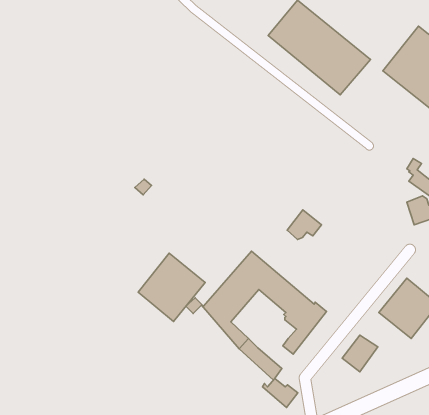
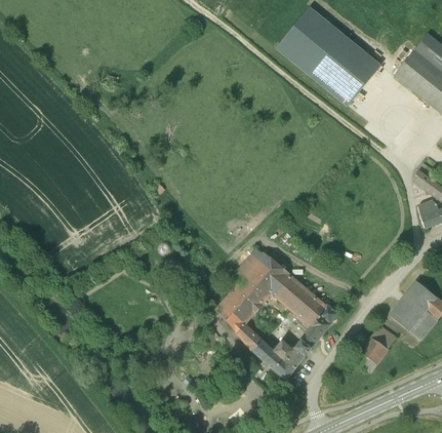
building: [287,210,322,240] -> none
building: [138,253,205,322] -> none
building: [262,378,298,408] -> [270,341,305,369]

